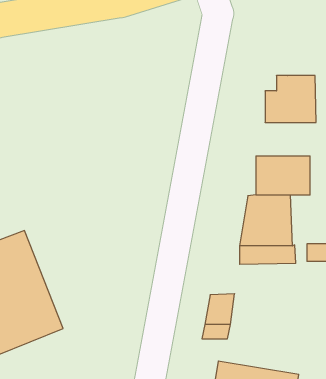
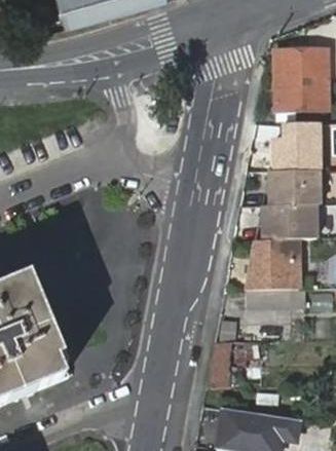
building: none -> [273,52,326,122]
building: none -> [270,170,327,203]

